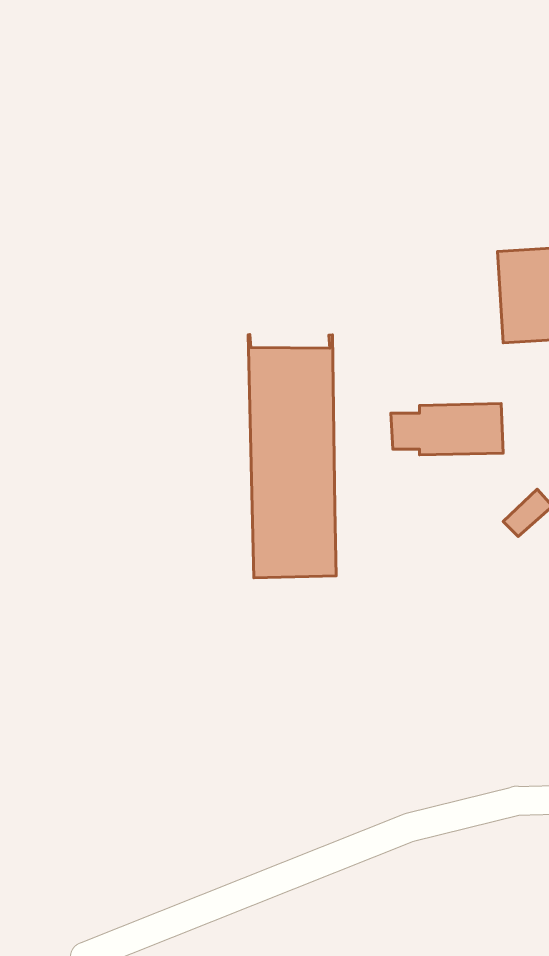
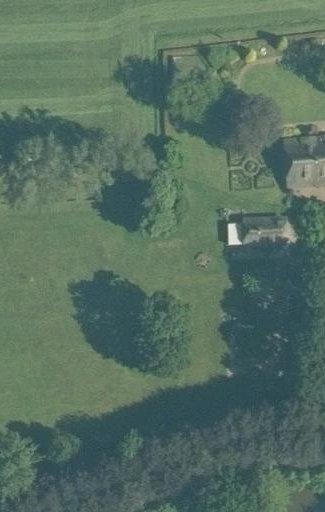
building: [248,335,336,578] -> none

